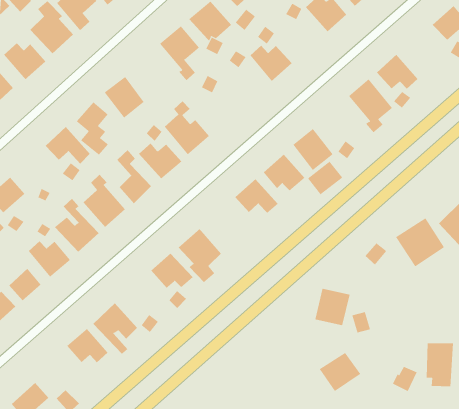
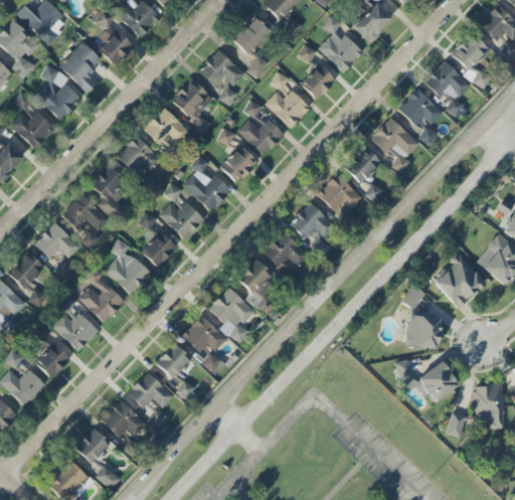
building: none -> [301,64,336,100]
building: none -> [423,60,471,119]
building: none -> [144,107,190,144]
building: none -> [238,119,285,156]
building: none -> [220,145,259,183]
building: none -> [34,222,80,259]
building: [307,161,343,195] -> [344,147,381,183]
building: none -> [236,259,274,315]
building: none -> [156,343,191,378]
building: [314,288,350,326] -> [406,312,442,349]
building: none -> [75,428,111,463]
building: [319,352,361,392] -> [415,362,460,404]

